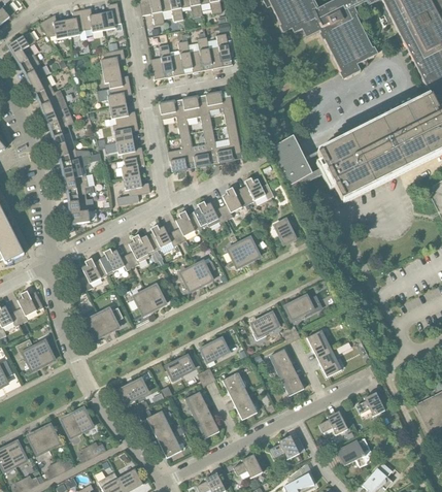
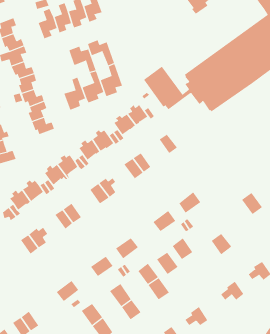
building: [159,100,189,134] -> none
building: [307,329,332,357] -> [241,192,263,215]
building: [278,367,304,395] -> [156,252,179,275]
building: [337,437,371,466] -> none

